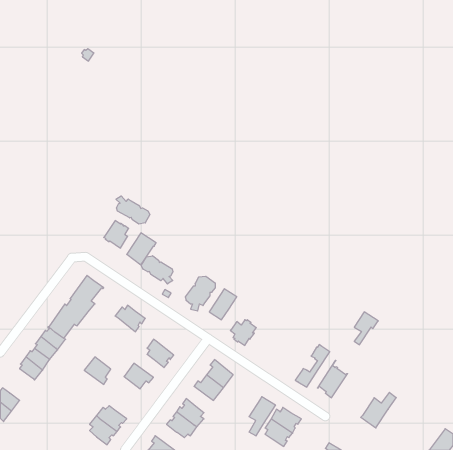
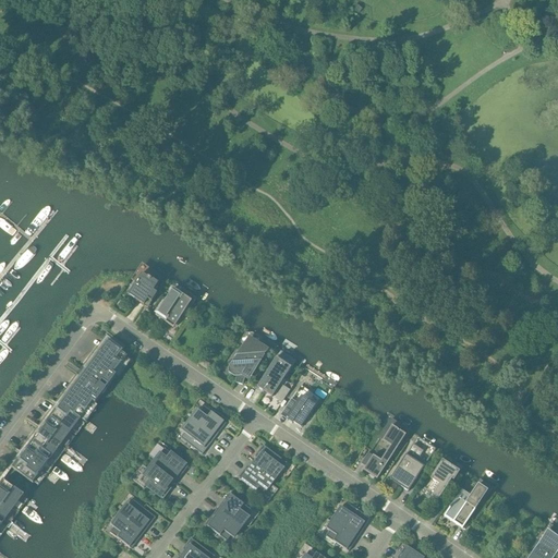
building: [116,196,150,224] -> none
building: [141,256,173,284] -> none
building: [115,305,145,332] -> [189,404,226,437]
building: [354,312,378,345] -> [430,458,460,498]
building: [84,357,111,384] -> [140,463,172,497]
building: none -> [12,453,43,481]
building: [249,397,275,436] -> none

